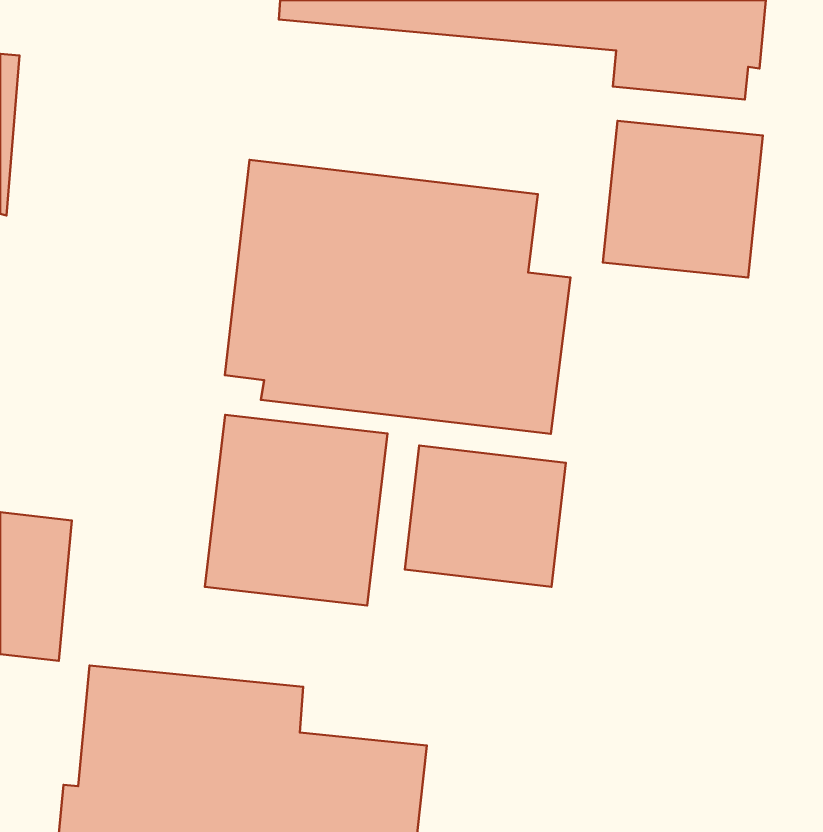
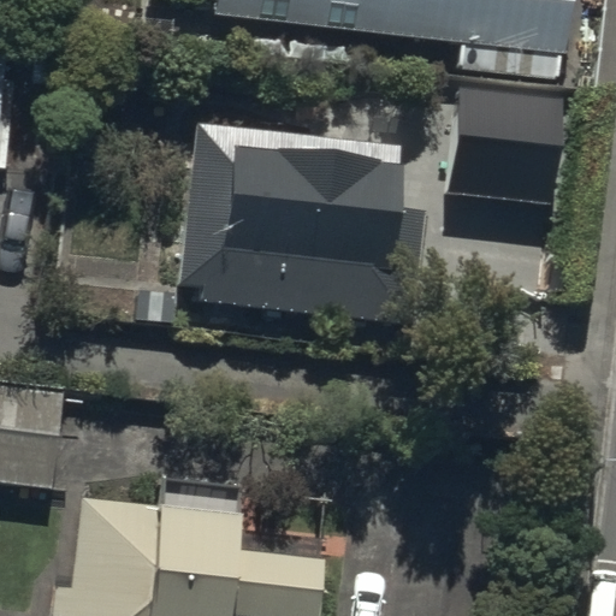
building: [205,415,388,606] -> none
building: [405,445,566,587] -> none

